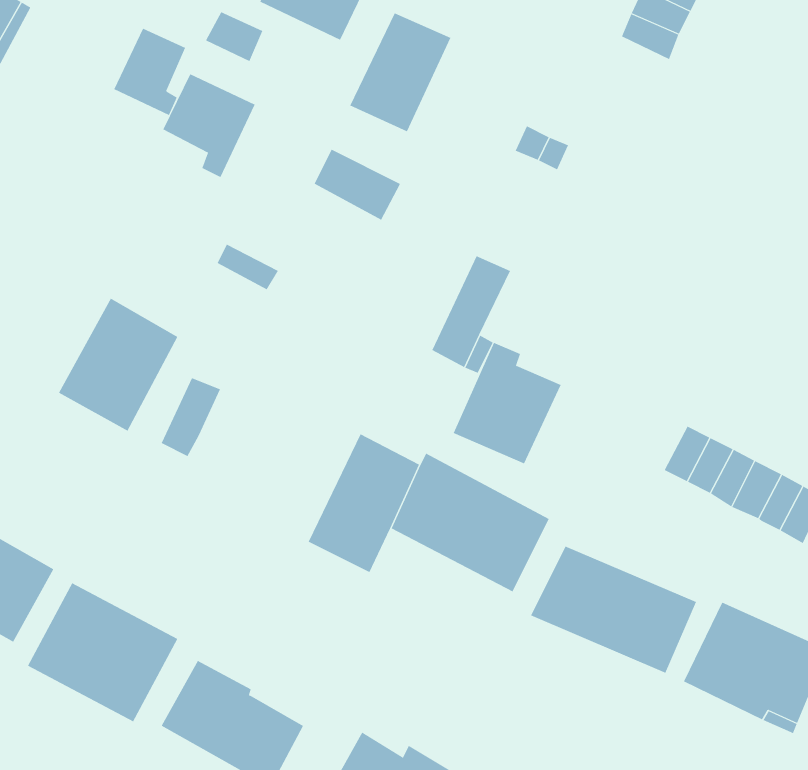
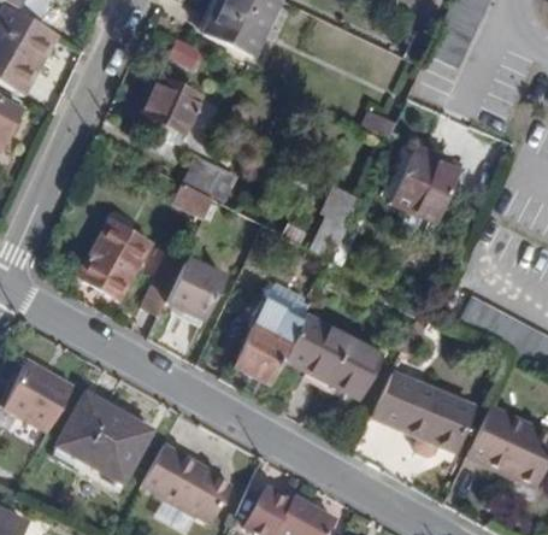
building: [350,12,451,132] -> none
building: [114,28,186,116] -> none
building: [314,149,401,221] -> [184,155,238,200]
building: [453,342,561,464] -> [390,145,458,221]
building: none -> [165,257,224,319]

